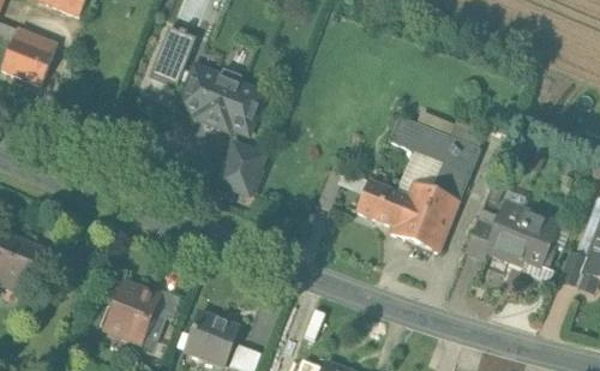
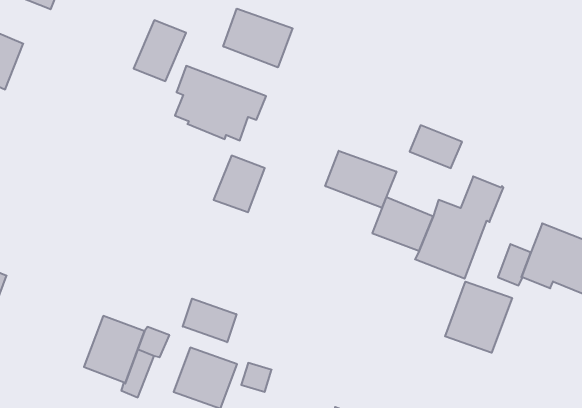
building: none -> [223,9,293,67]
building: [426,131,479,170] -> none
building: none -> [325,151,396,208]
building: none -> [445,282,512,353]
building: none -> [183,299,236,342]

